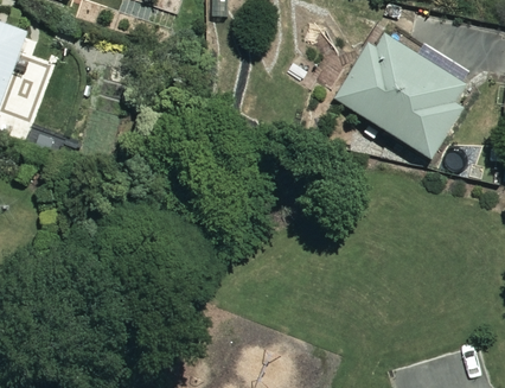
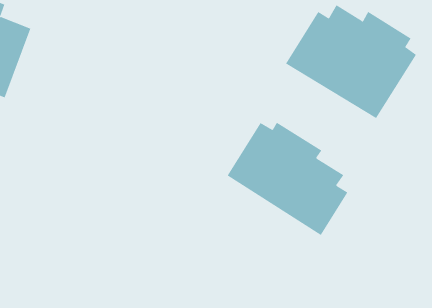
building: none -> [227,122,348,236]

